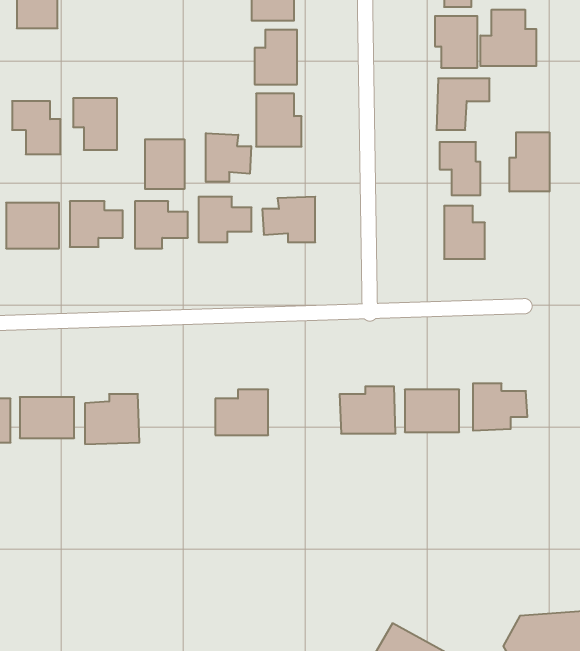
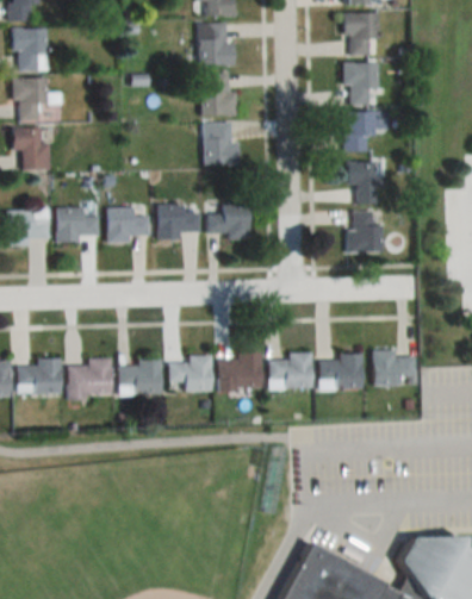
building: [480,10,536,66] -> none
building: [73,98,117,150] -> [12,79,46,119]
building: [509,132,549,192] -> none
building: [206,133,251,182] -> none
building: [145,139,184,189] -> none
building: none -> [221,355,262,388]
building: none -> [119,360,161,394]

